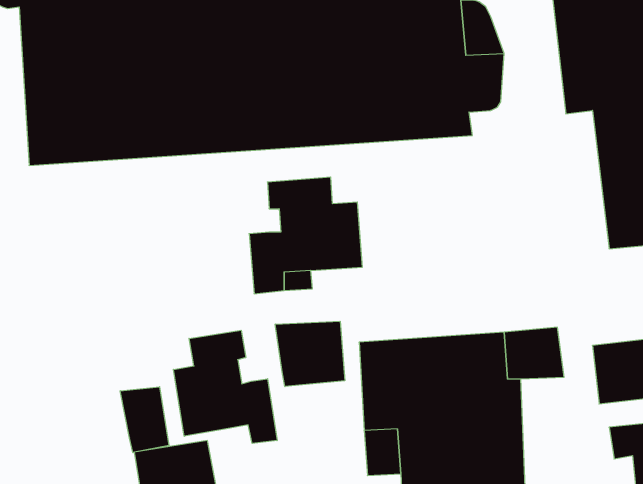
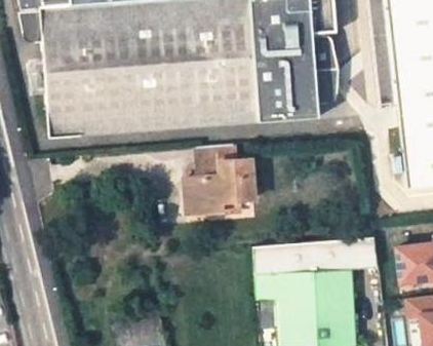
building: [275,321,345,387] -> none
building: [173,330,277,443] -> none
building: [120,387,169,453] -> none

